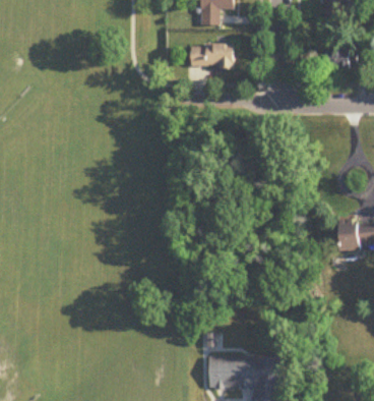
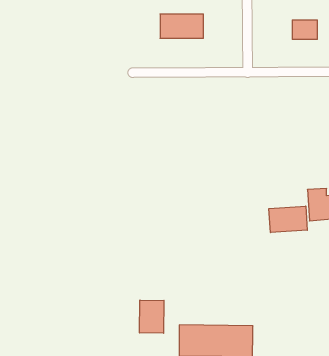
building: none -> [269,206,307,233]
building: none -> [140,300,164,333]

